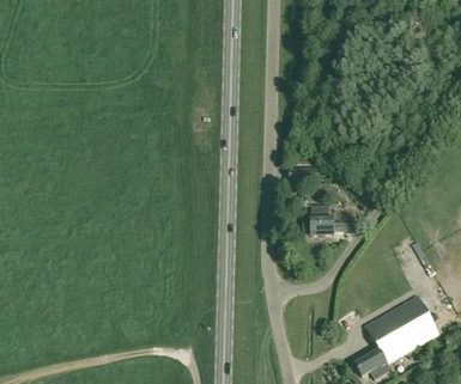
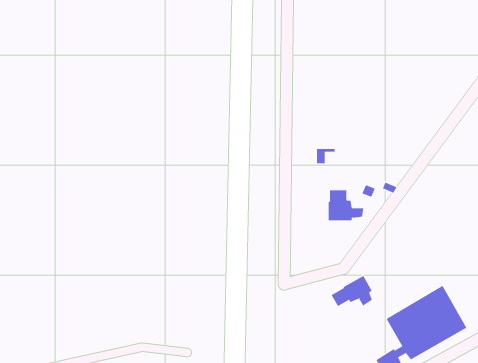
building: none -> [331,275,373,307]

